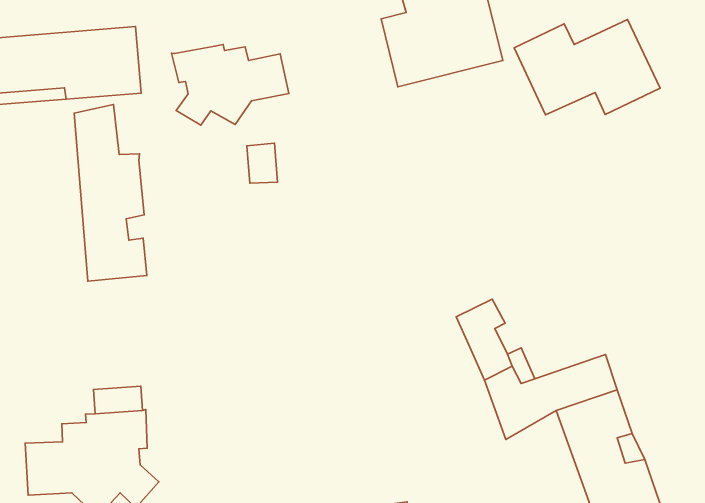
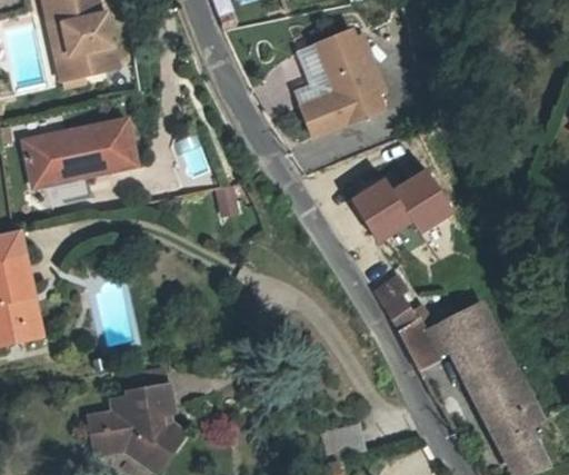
building: [514,19,660,115] -> [351,168,456,241]
building: [171,44,289,125] -> none
building: [74,105,147,281] -> none

